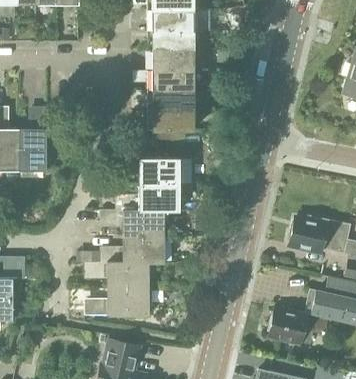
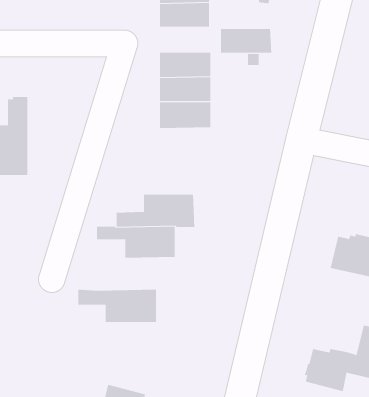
building: [151,49,193,69] -> [220,29,272,53]
building: [115,158,179,184] -> none
building: [101,235,164,263] -> none
building: [85,288,149,316] -> none

